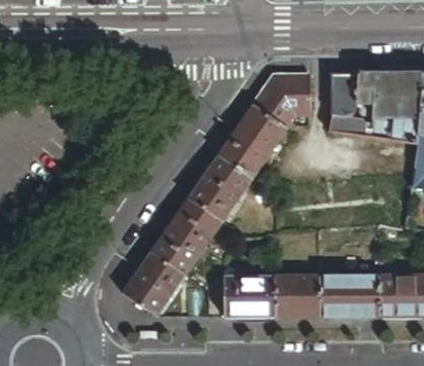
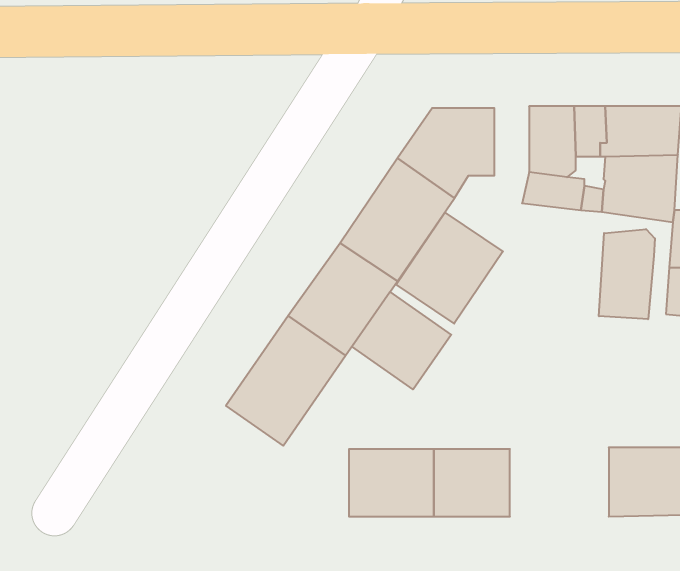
building: none -> [396,212,503,324]
building: none -> [599,229,655,319]
building: none -> [352,292,451,389]
building: [122,250,185,316] -> none
building: [320,274,379,316] -> none

